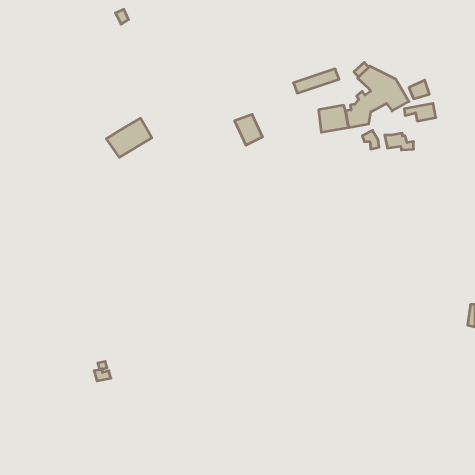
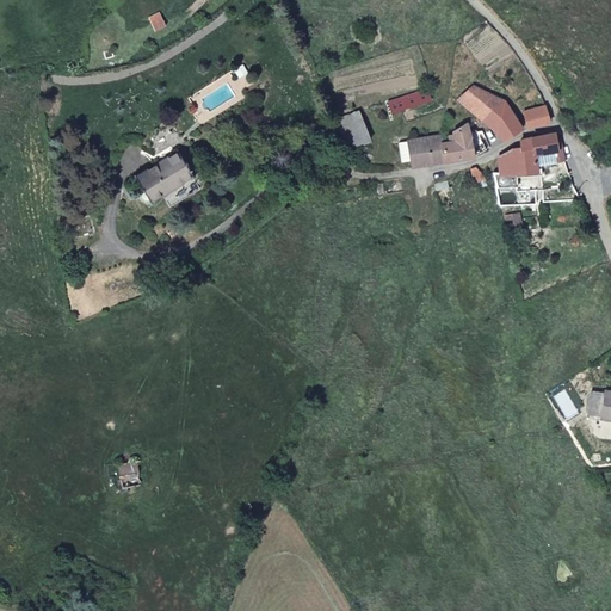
building: none -> [511,144,538,174]
building: [235,114,263,145] -> [337,111,372,150]

